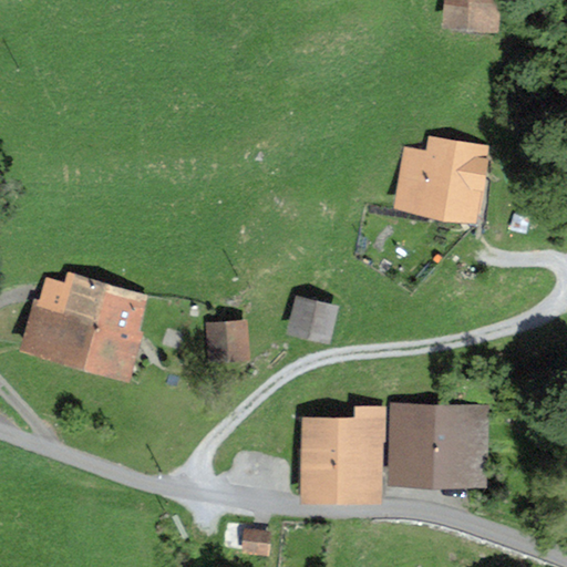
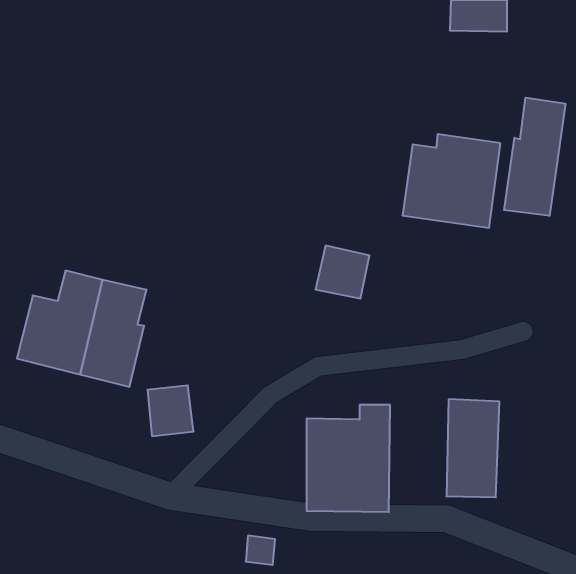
building: none -> [504,98,565,216]
building: [285,293,338,346] -> [315,246,370,299]
building: [208,318,254,368] -> [147,385,194,436]
building: [389,393,441,489] -> none

